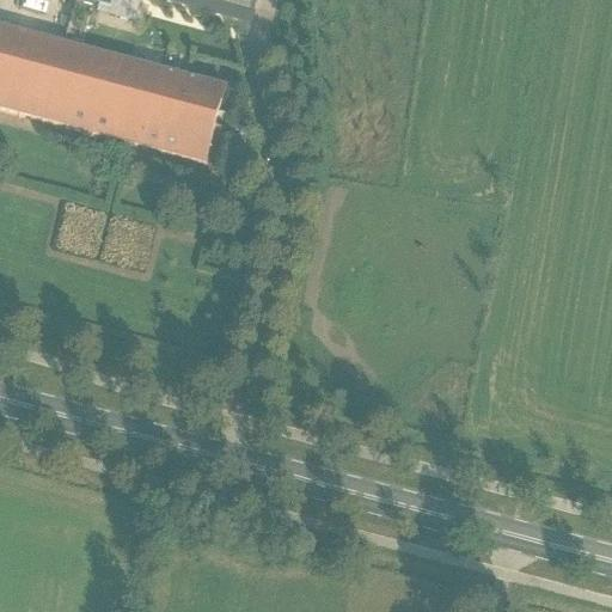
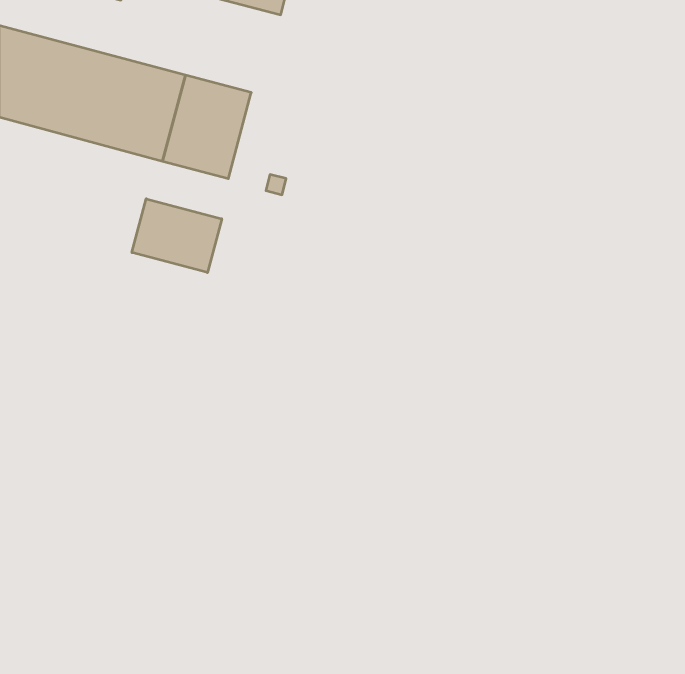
building: none -> [132,199,222,273]

